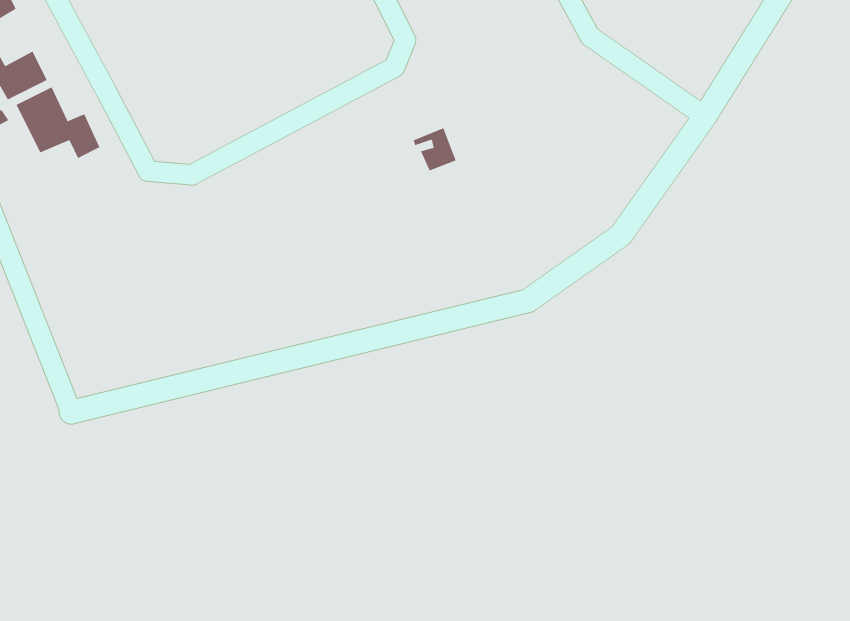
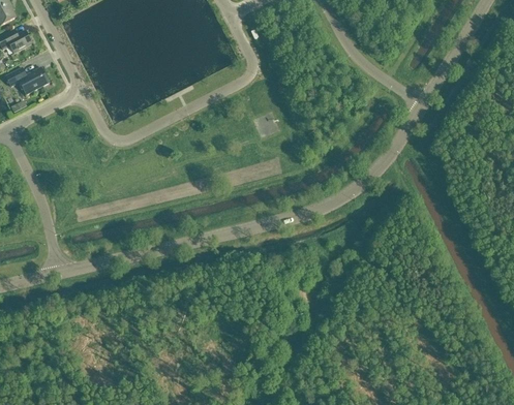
building: [16,86,100,159] -> none

